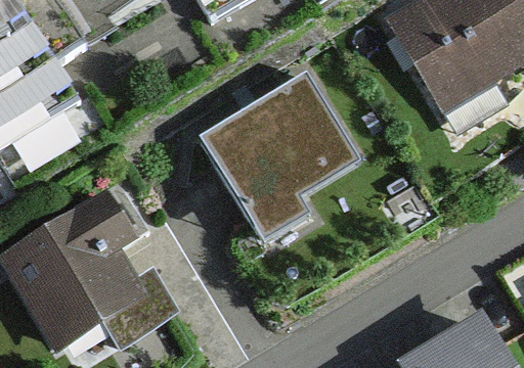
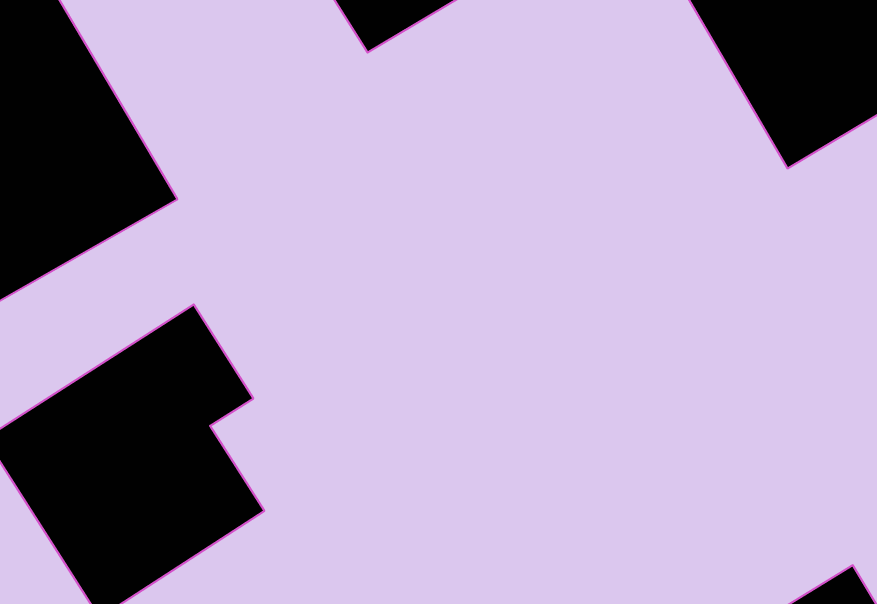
building: [198,74,355,240] -> none

